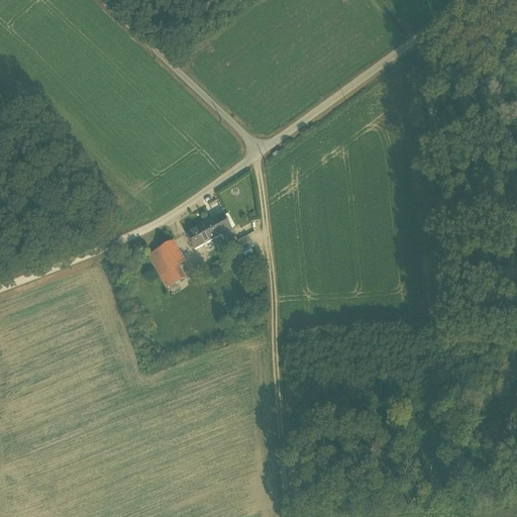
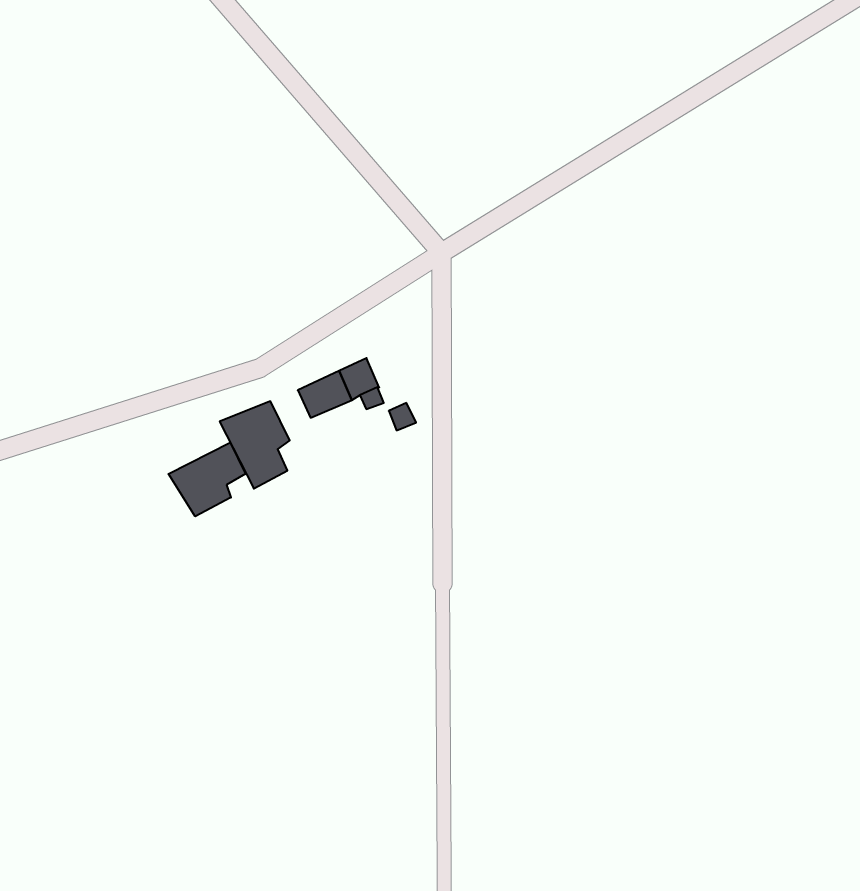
building: none -> [168,442,245,516]

